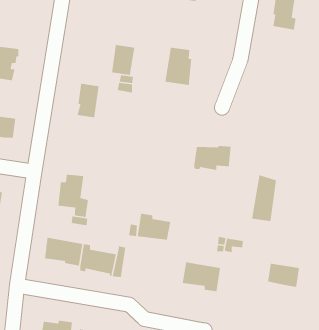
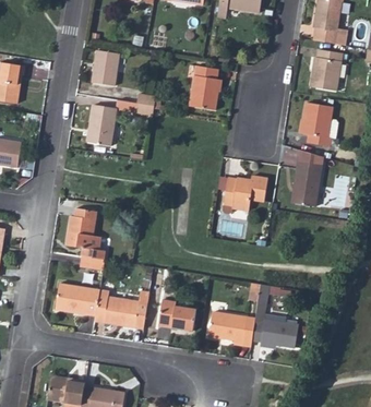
building: none -> [311,50,343,91]
building: [111,44,135,76] -> [93,50,120,86]
building: none -> [300,103,338,148]
building: [251,174,277,222] -> [292,149,322,204]
building: [137,213,171,241] -> [154,297,193,328]
building: [267,263,300,288] -> [261,316,298,345]

